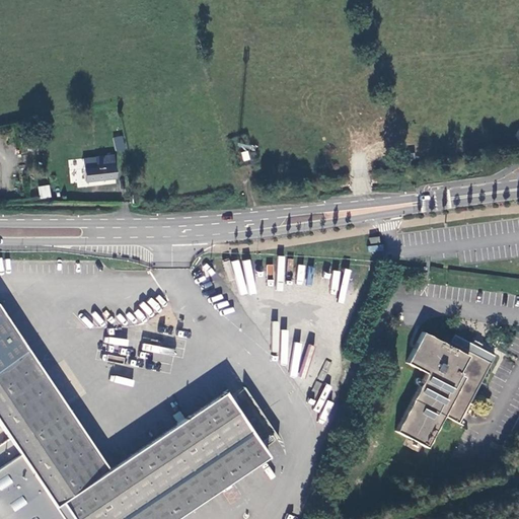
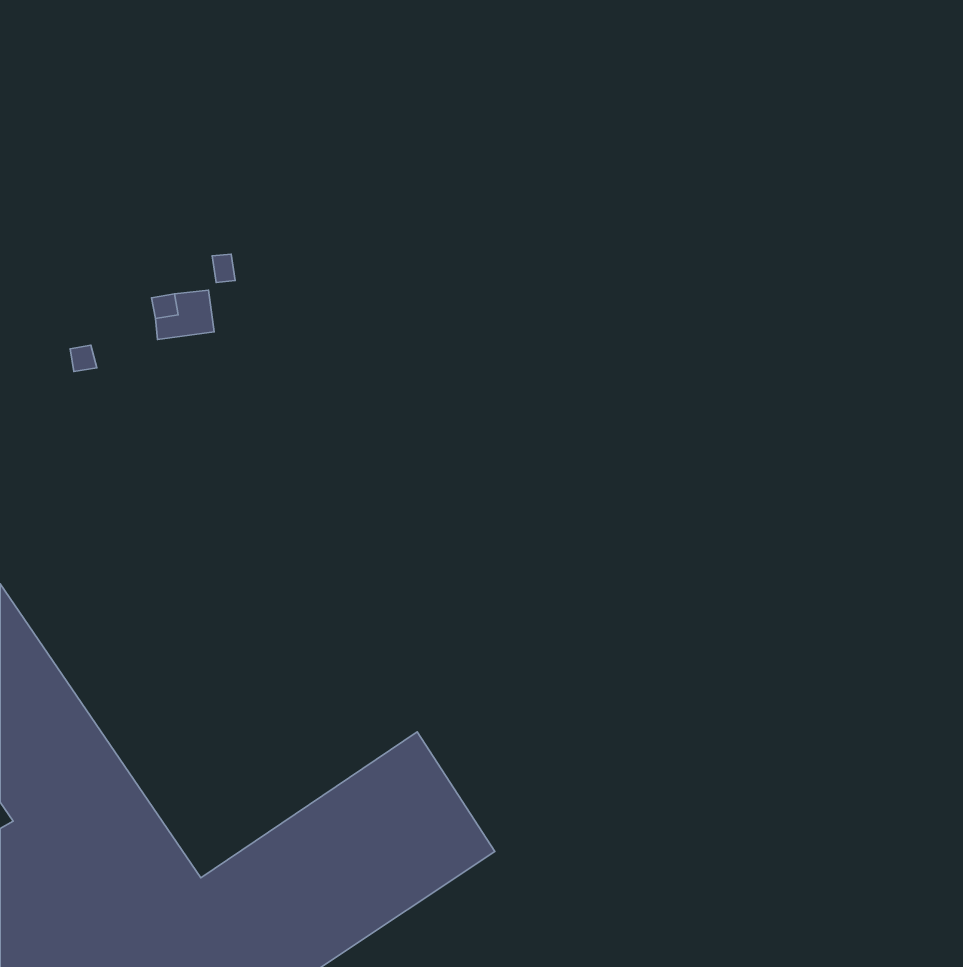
building: [399,333,498,448] -> none

